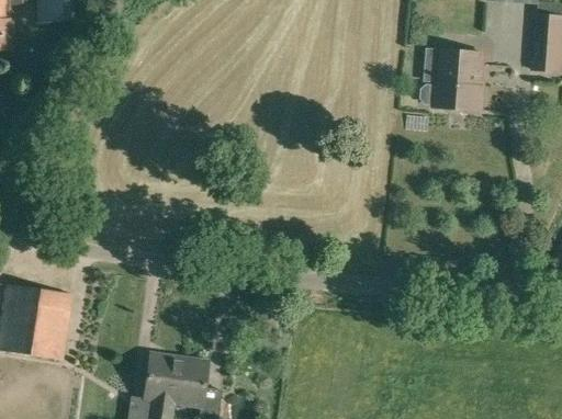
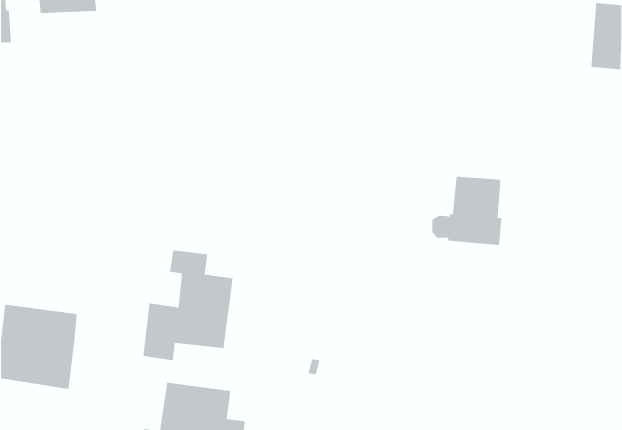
building: [420,48,484,111] -> [432,176,502,246]
building: none -> [143,249,233,361]

